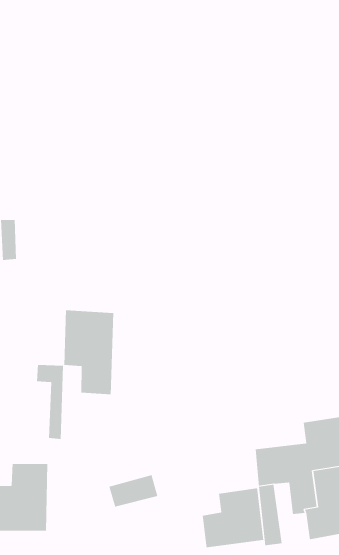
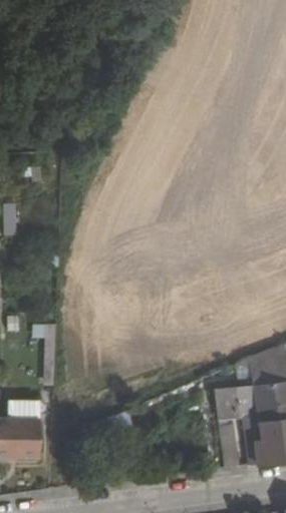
building: [64,310,114,395] -> none
building: [202,488,264,548] -> none

